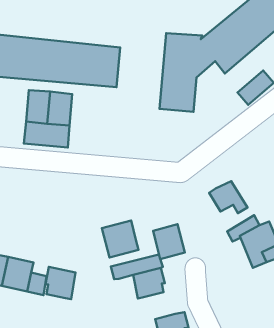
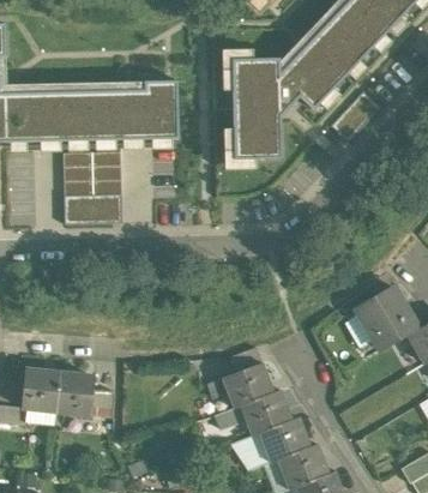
building: [209,181,248,213] -> none
building: [102,221,138,258] -> none
building: [153,224,185,259] -> none
building: [45,267,75,299] -> none
building: none -> [241,390,284,433]

